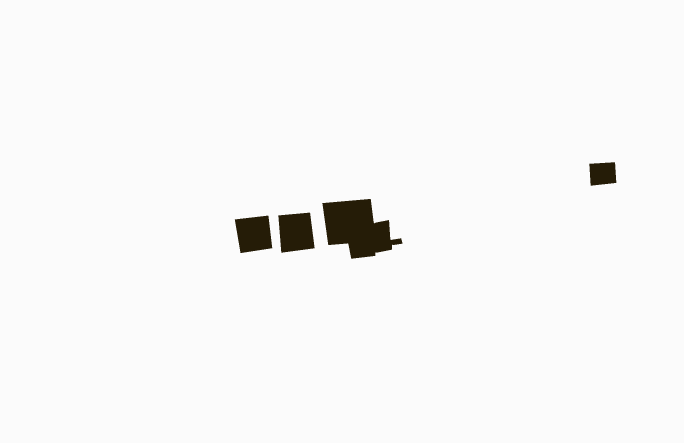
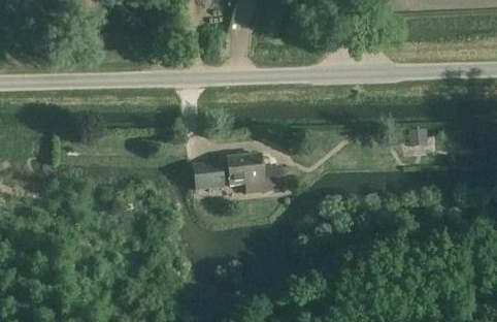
building: [234,215,273,254] -> none

